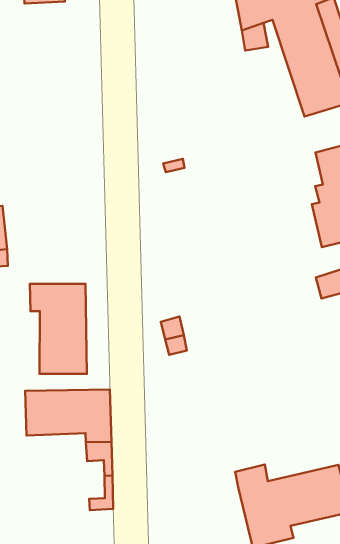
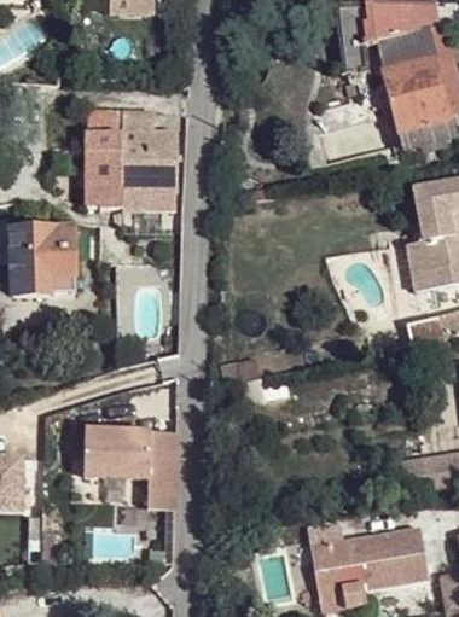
building: none -> [85,109,178,206]
building: [30,284,87,374] -> none

